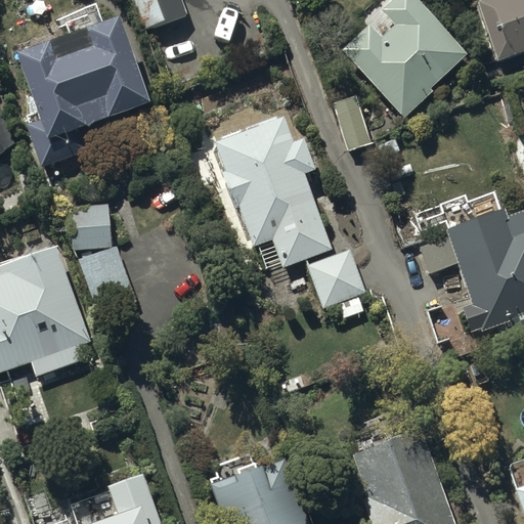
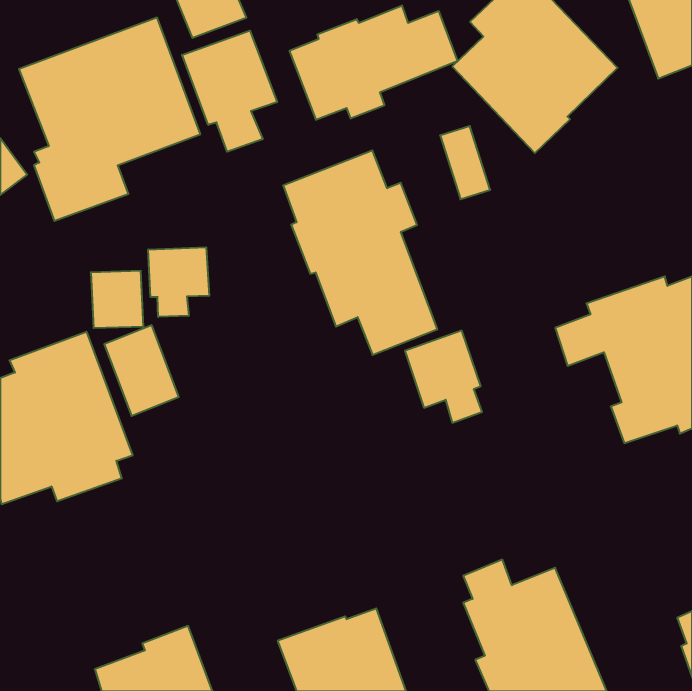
building: none -> [290,5,458,120]
building: none -> [182,31,277,152]
building: none -> [148,247,209,317]

